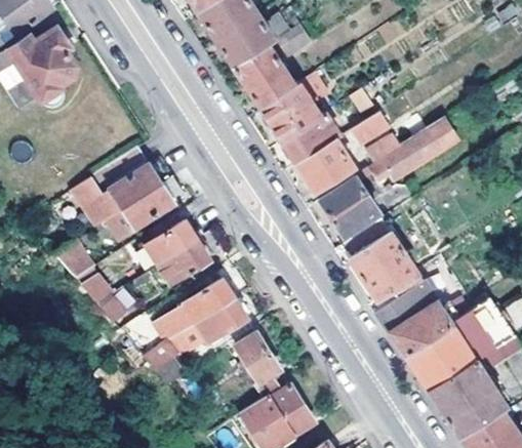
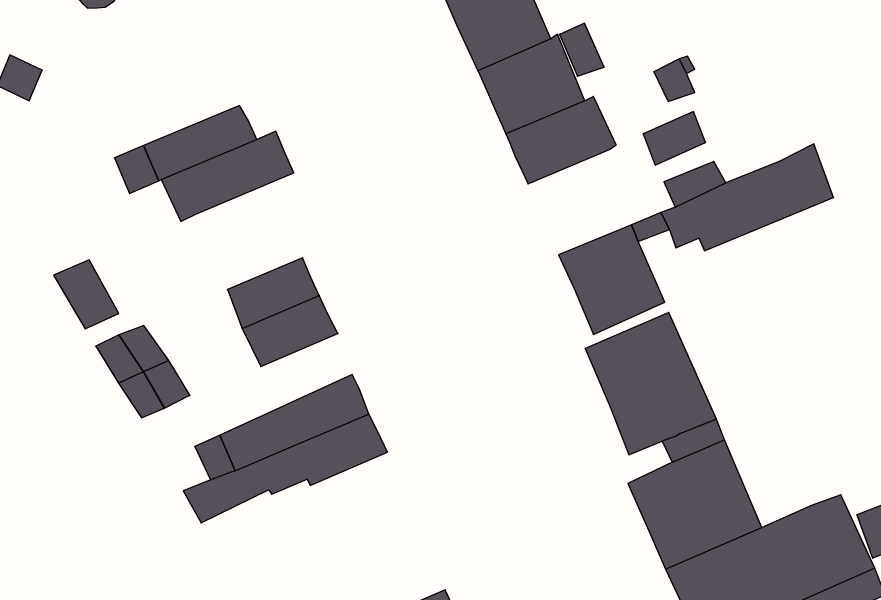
building: [296,136,355,192] -> none
building: [111,177,180,236] -> none
building: [236,333,280,389] -> none

